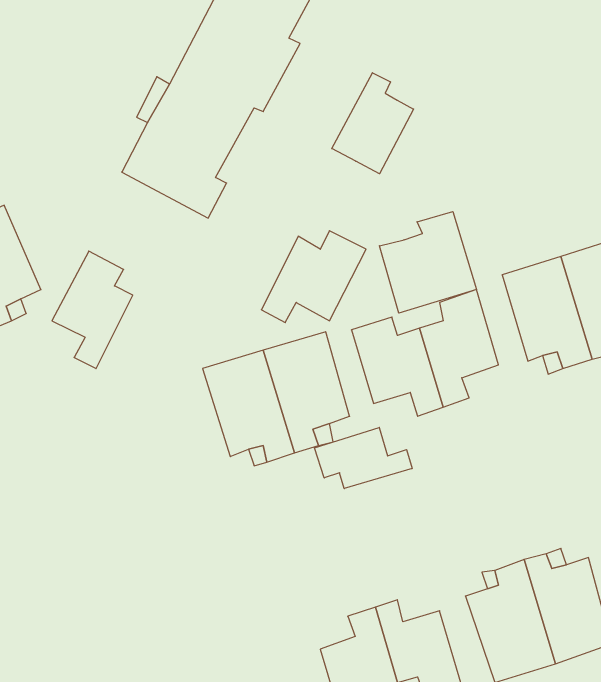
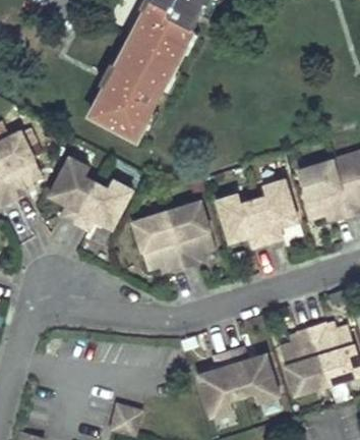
building: [332,73,414,174] -> none
building: [379,212,476,313] -> none
building: [261,231,366,323] -> [74,177,132,228]
building: [315,427,412,489] -> none

